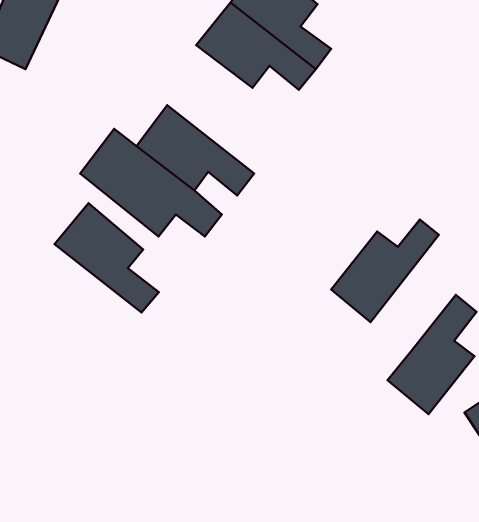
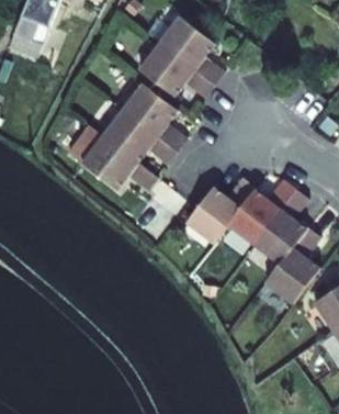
building: [54,203,159,313] -> [123,79,190,149]
building: none -> [187,175,258,243]
building: none -> [253,189,312,265]

